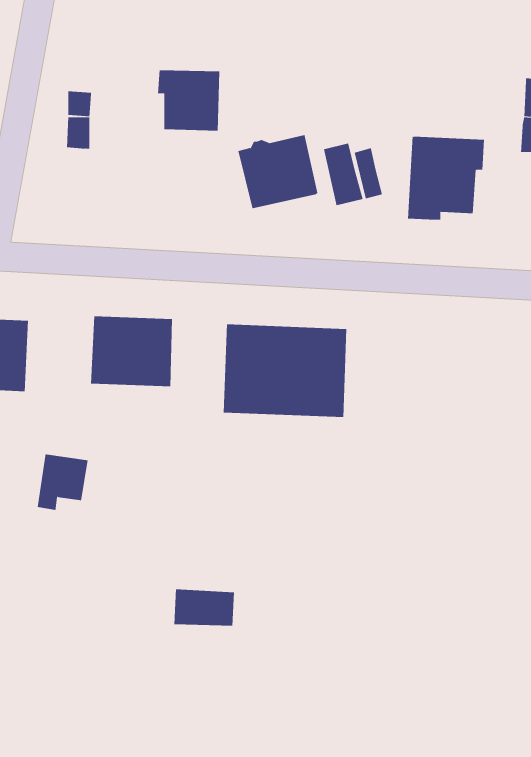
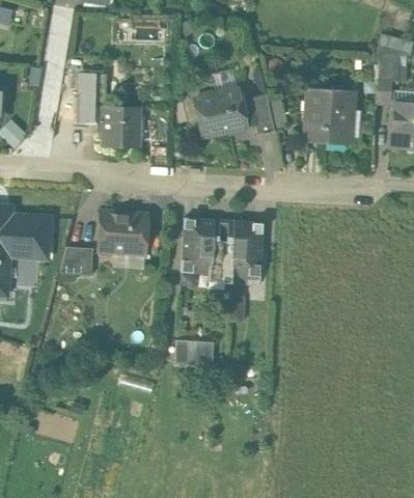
building: [157,70,220,131] -> [98,109,138,148]
building: [37,454,88,510] -> [60,246,93,282]
building: [173,589,235,626] -> [174,340,214,364]

